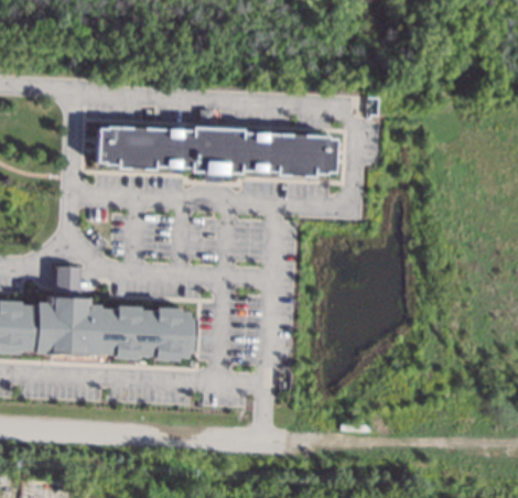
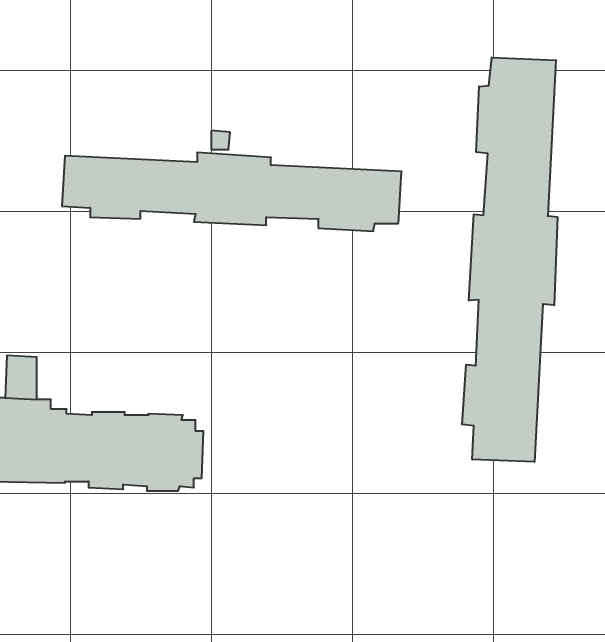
building: none -> [462,57,557,462]

